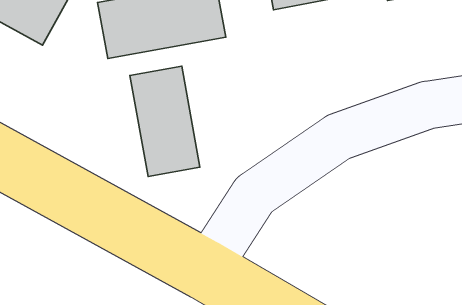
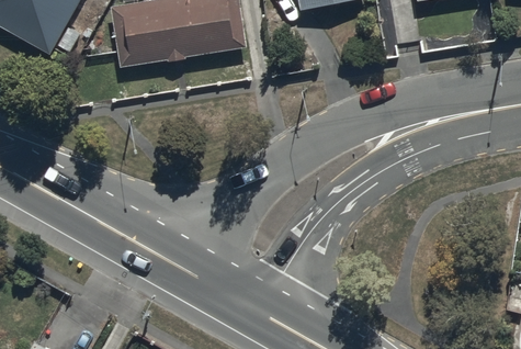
building: [130,66,200,176] -> none

